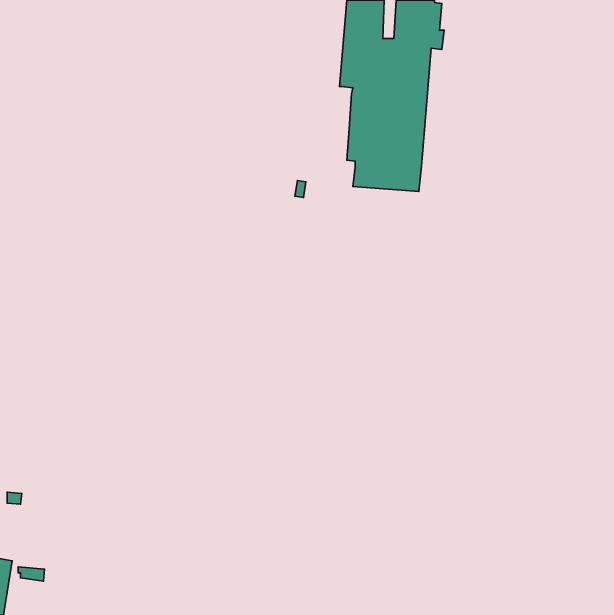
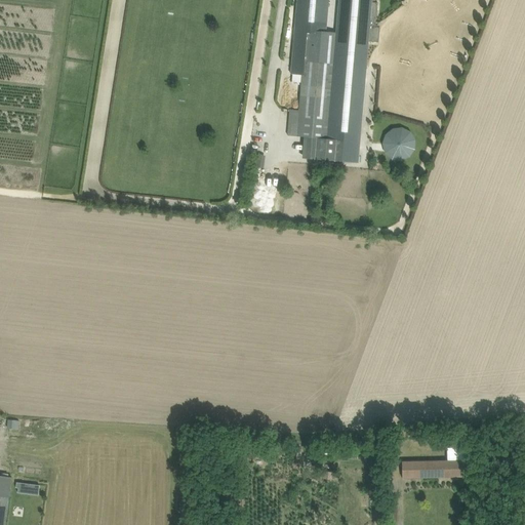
building: none -> [382,128,412,158]
building: none -> [401,460,462,478]

